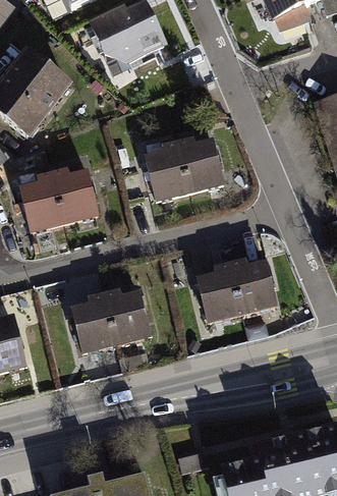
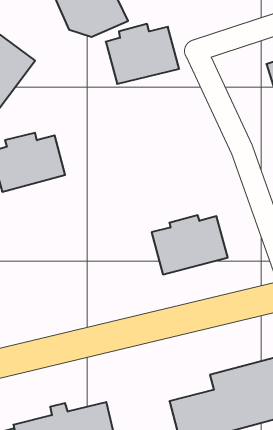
building: [145,140,224,205] -> [106,24,179,84]
building: [70,291,151,356] -> none

